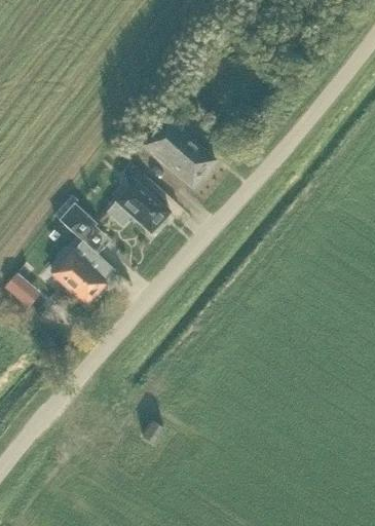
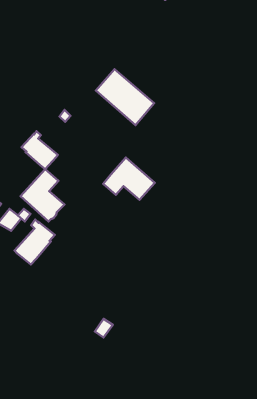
building: [107,181,170,232] -> [103,157,155,200]
building: none -> [15,220,55,265]

